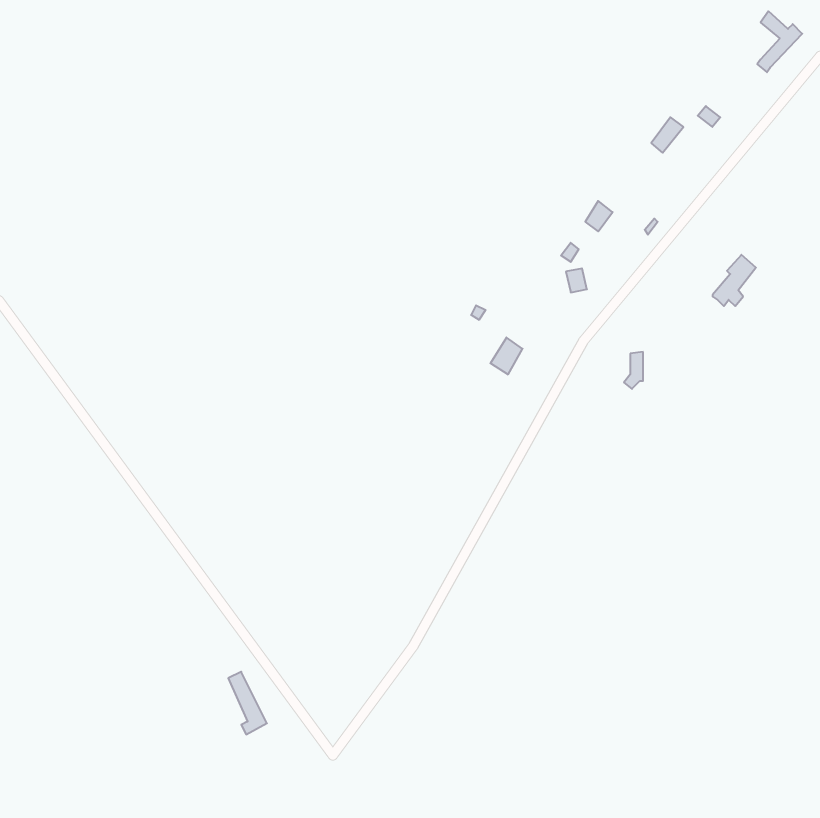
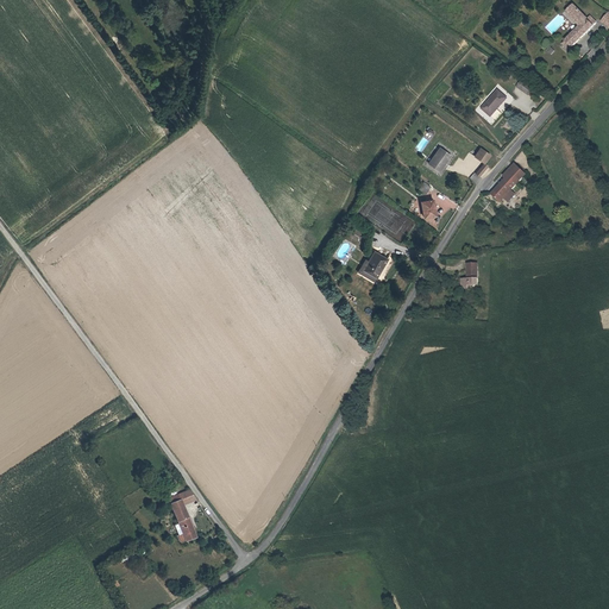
building: [713,255,756,306] -> [491,162,523,200]

